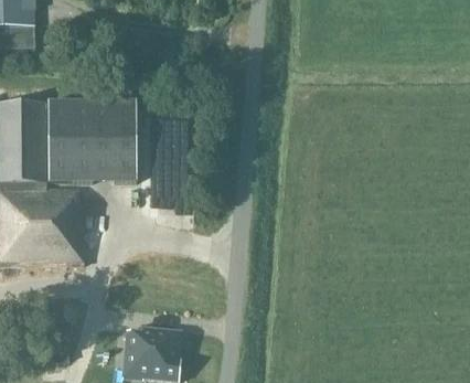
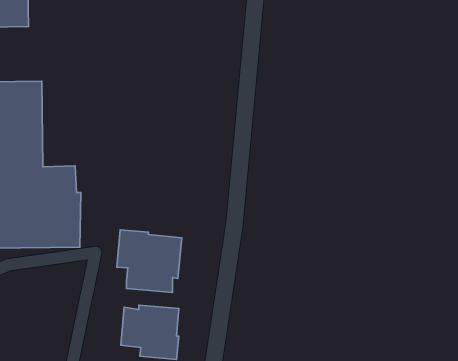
building: [51,100,139,181] -> none
building: none -> [117,230,182,292]

